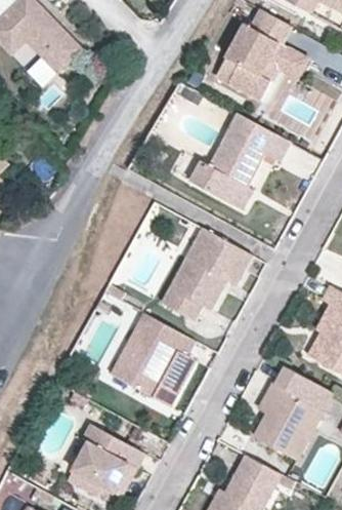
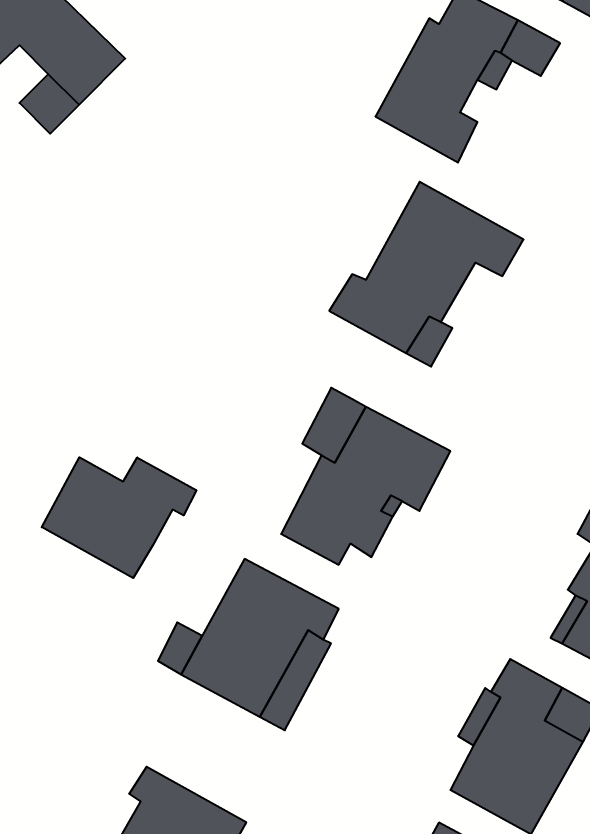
building: none -> [42,457,196,578]

